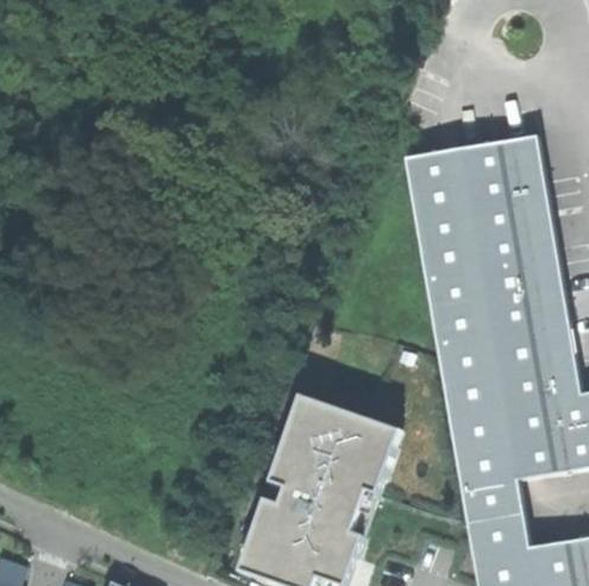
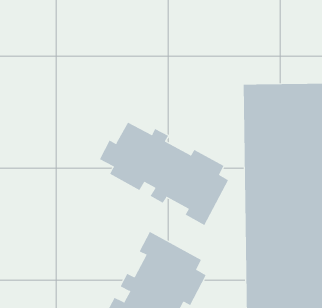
building: none -> [99,122,229,226]

